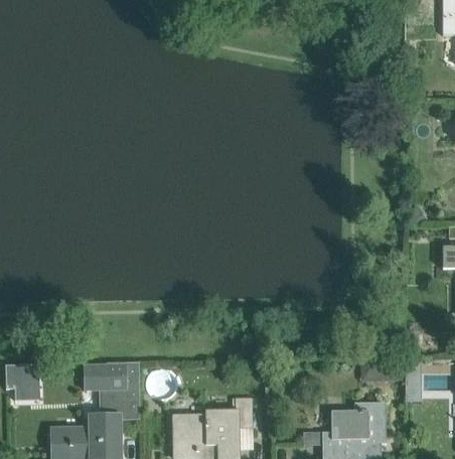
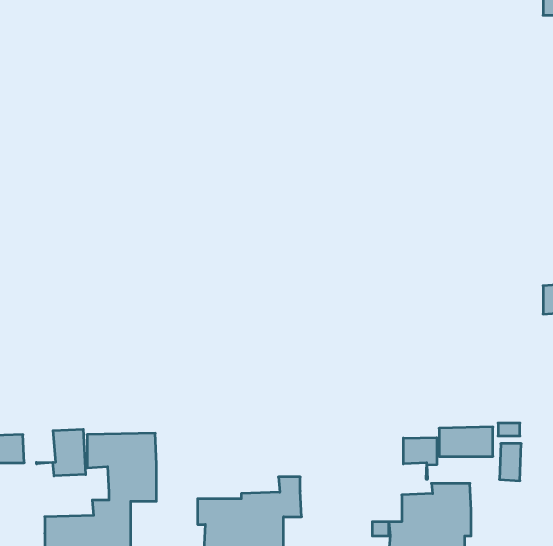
building: none -> [36,429,86,476]
building: none -> [403,438,437,479]

